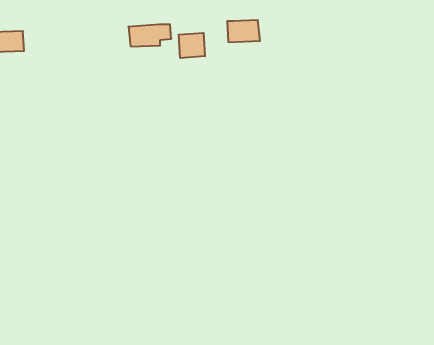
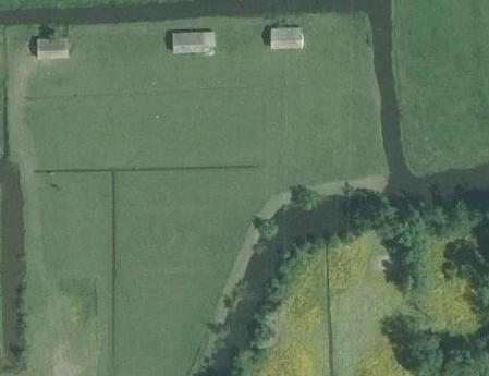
building: [179,33,205,58] -> none

